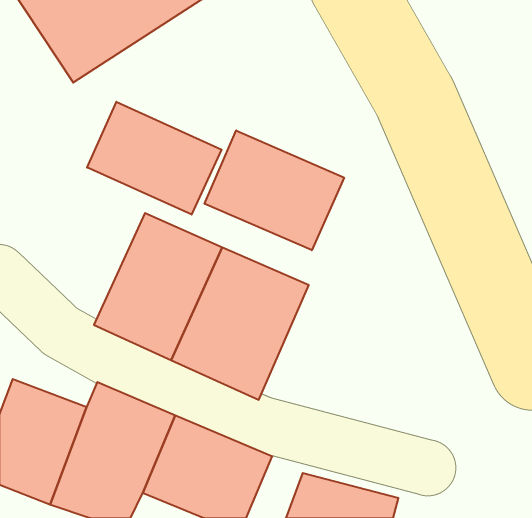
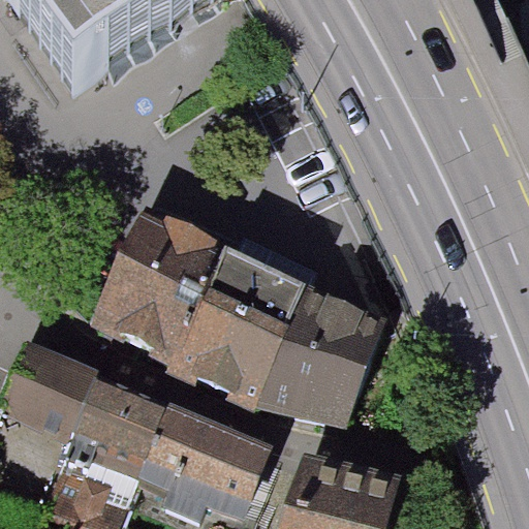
building: [87,102,222,215] -> none
building: [205,130,344,250] -> none
building: none -> [256,282,380,417]

